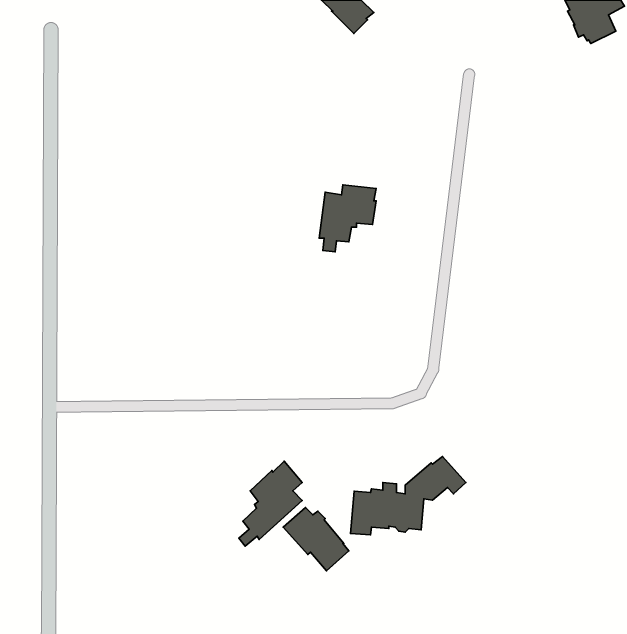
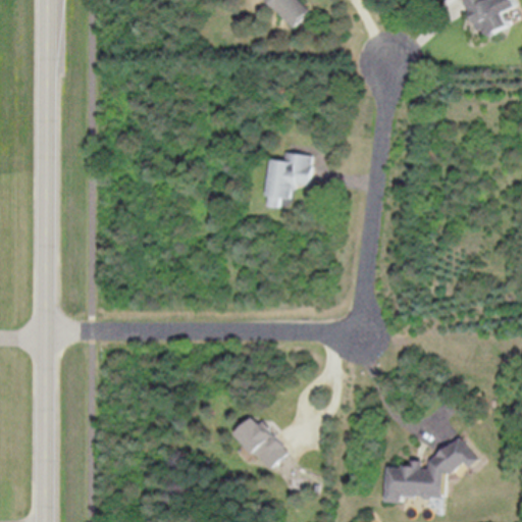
building: [350,457,466,535] -> [383,437,478,502]
building: [239,461,302,546] -> none

